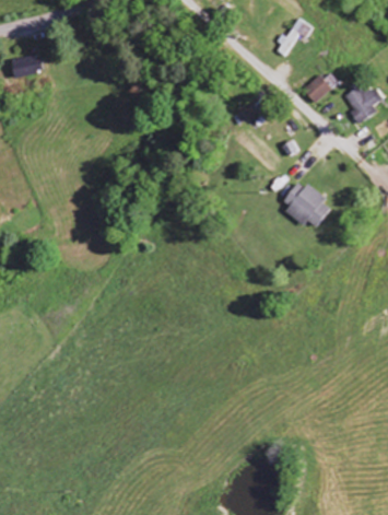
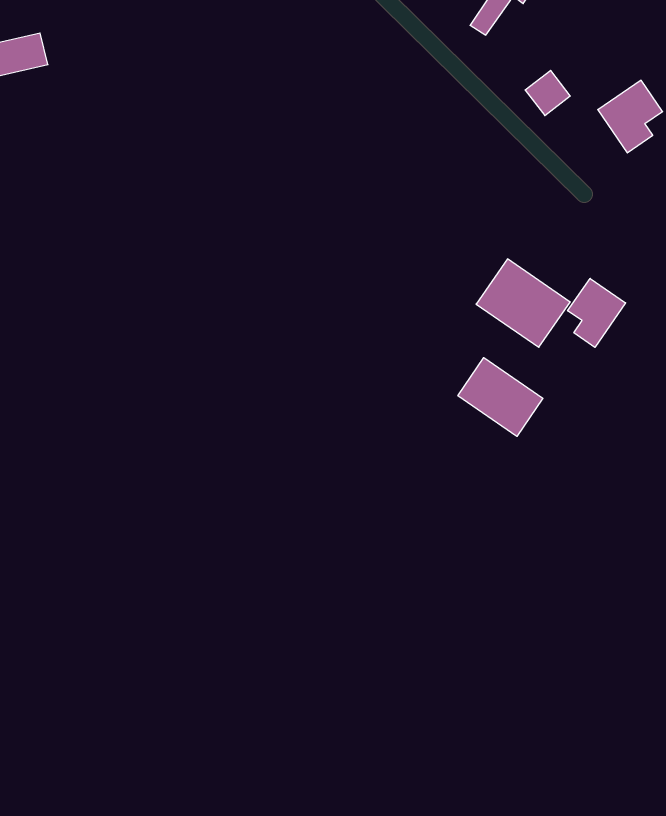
building: none -> [568,278,626,347]
building: none -> [458,358,543,436]

